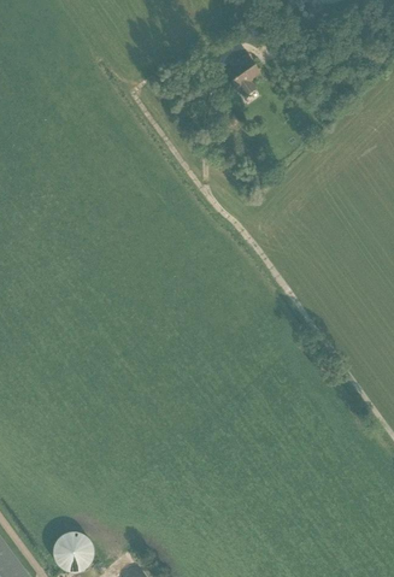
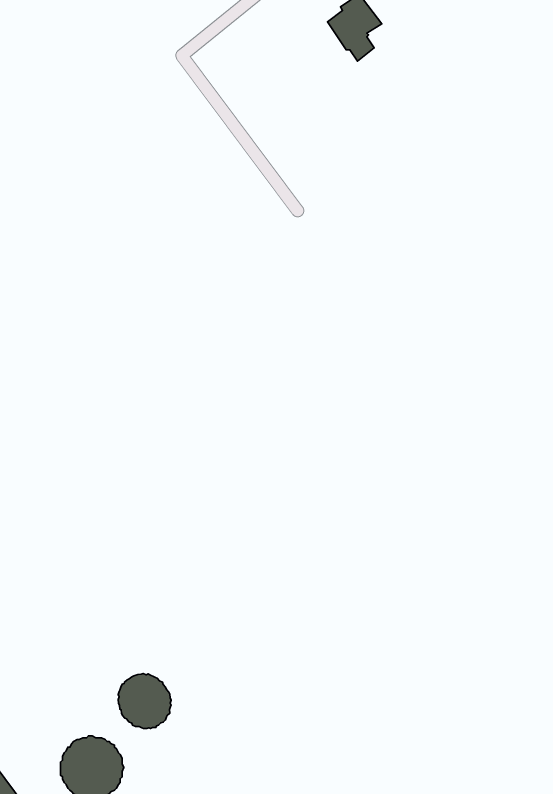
building: none -> [118,673,171,729]

